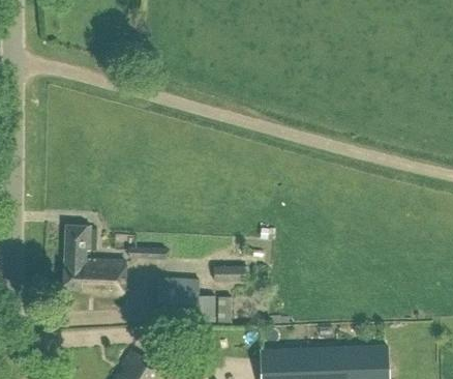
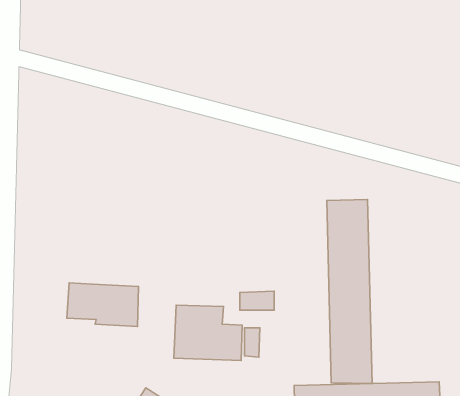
building: none -> [327,199,372,383]
building: [63,225,95,259] -> none

